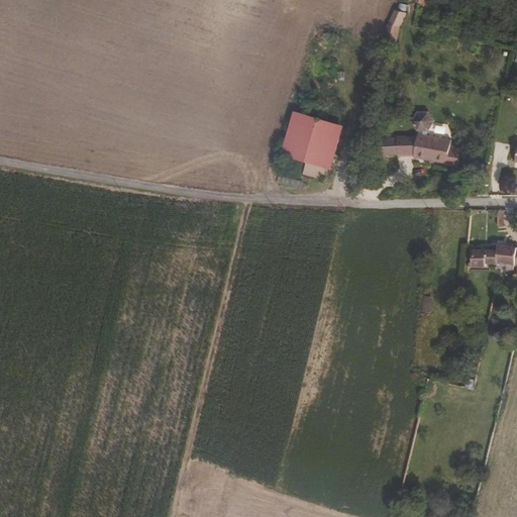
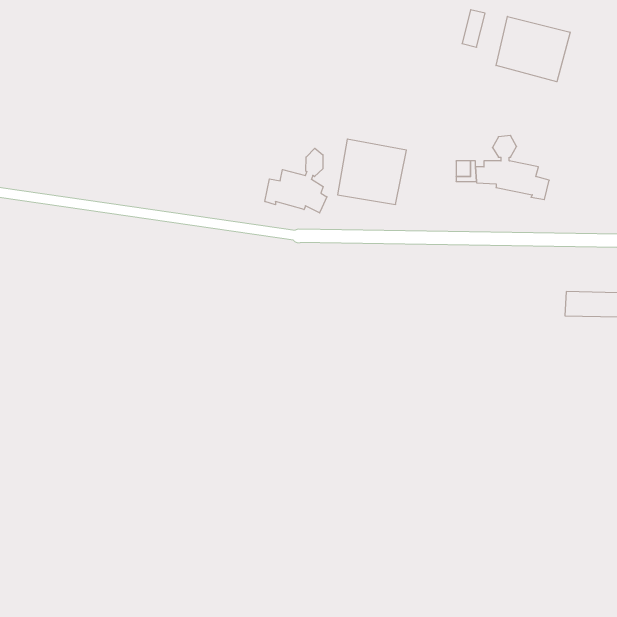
building: none -> [496,16,570,82]
building: none -> [265,148,327,213]

